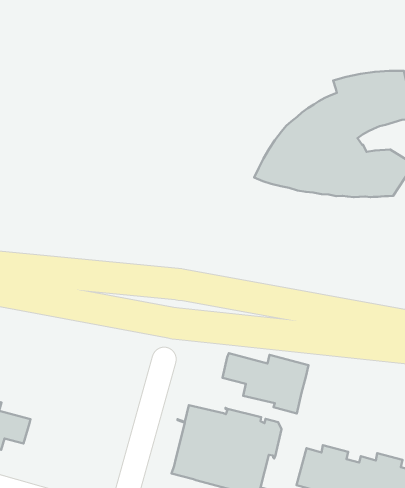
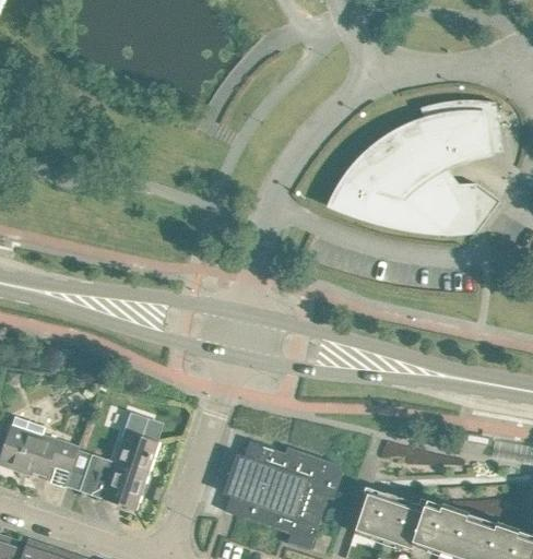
building: [223,353,308,413] -> none
building: none -> [78,413,157,511]

